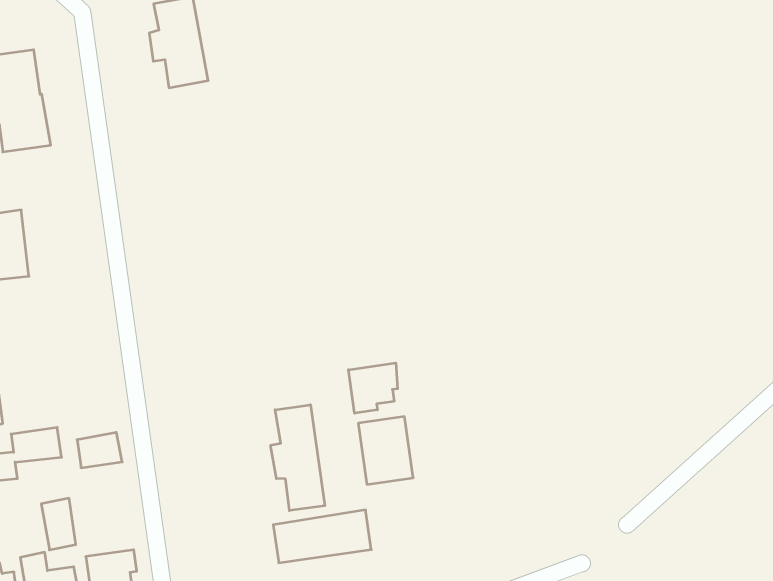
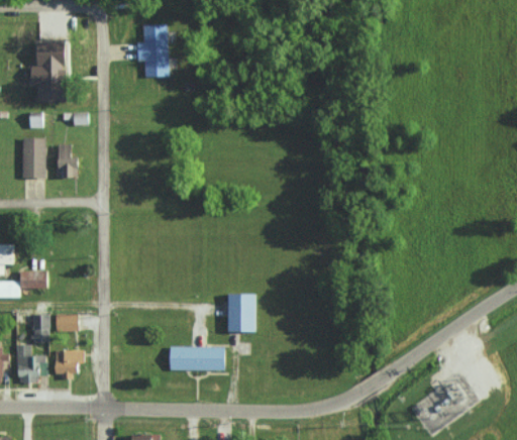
building: none -> [54,144,79,178]
building: [348,363,398,413] -> none
building: [271,405,325,511] -> none
building: [77,432,122,468] -> [54,313,79,331]

